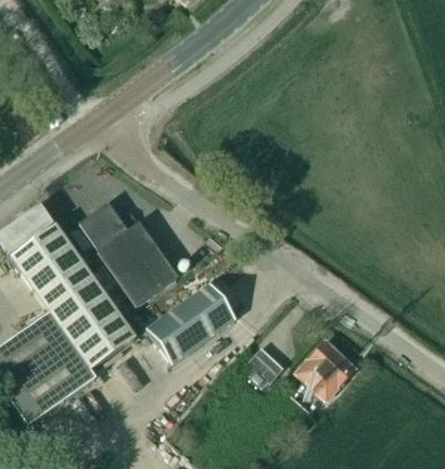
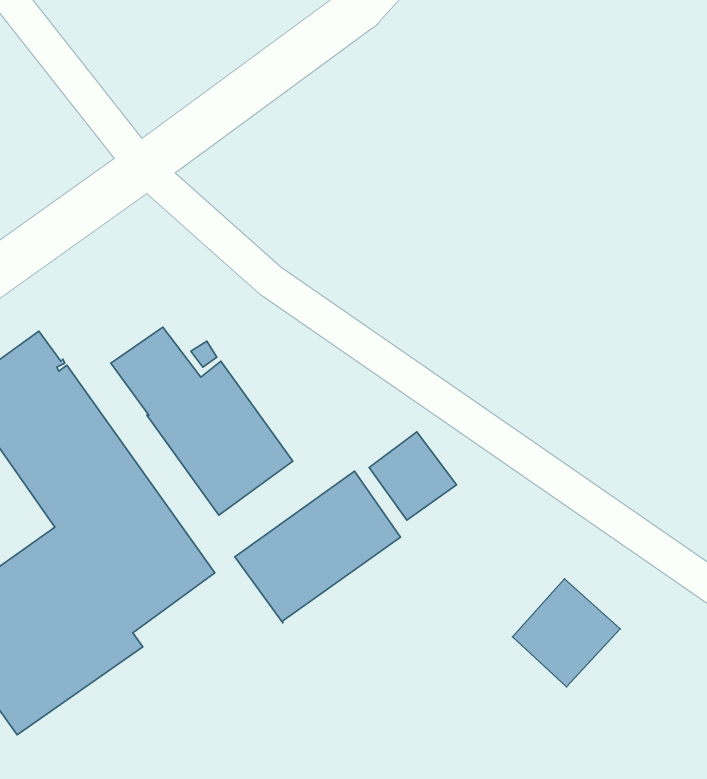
building: none -> [369,432,456,520]
building: [247,346,283,385] -> none

